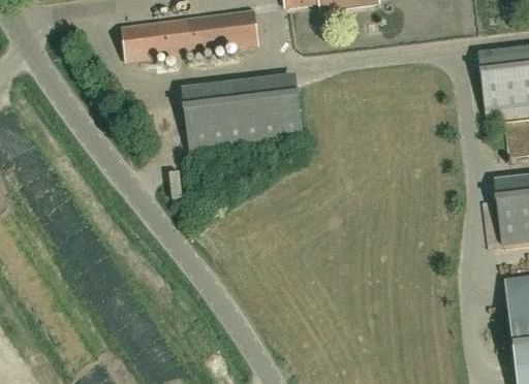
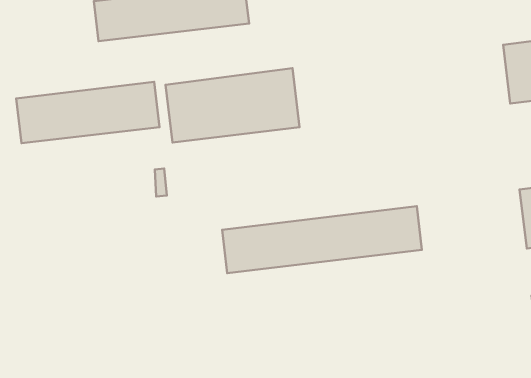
building: none -> [16,82,160,143]
building: none -> [222,206,422,273]

